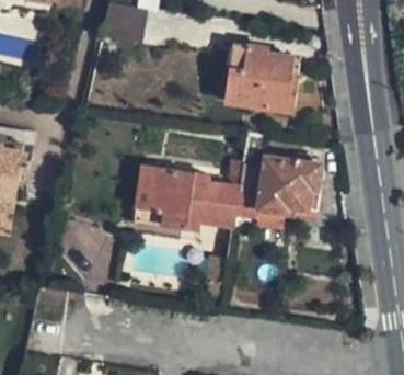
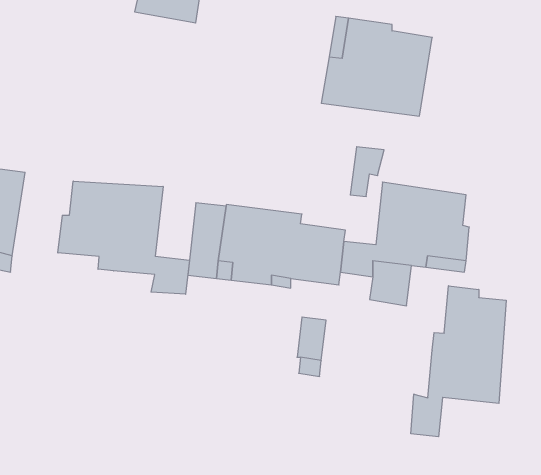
building: none -> [58,181,189,294]
building: none -> [411,286,506,437]

